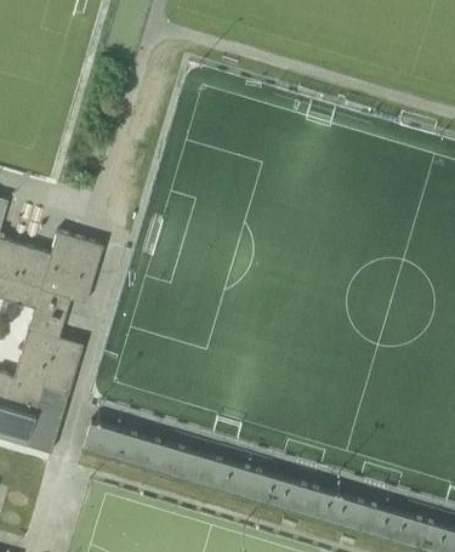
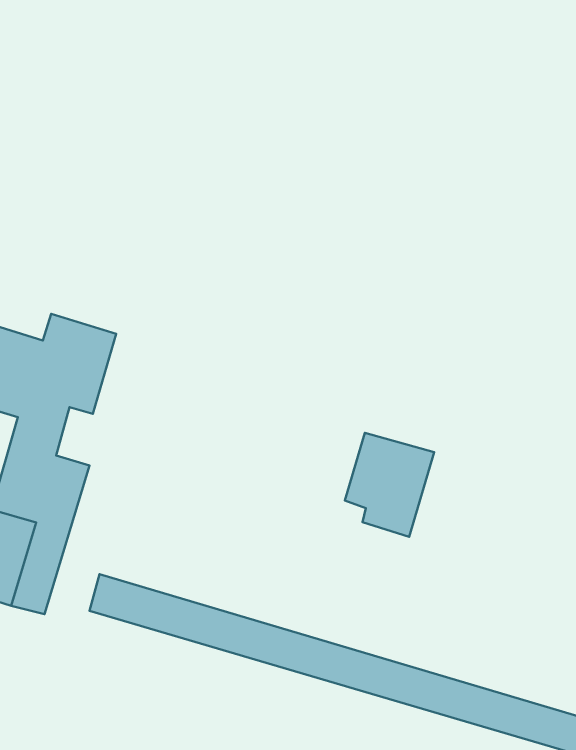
building: none -> [345,433,434,537]

